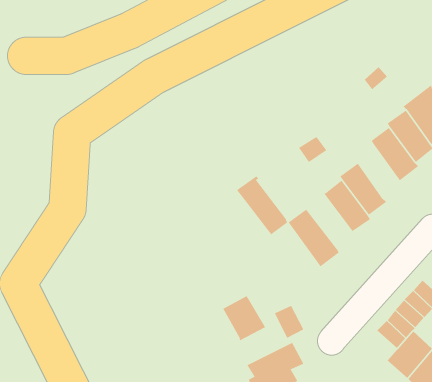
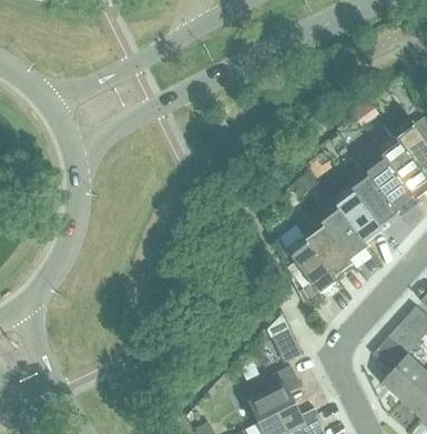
building: none -> [350,173,397,225]
building: [236,175,288,235] -> [301,216,350,274]
building: [223,296,266,341] -> none

